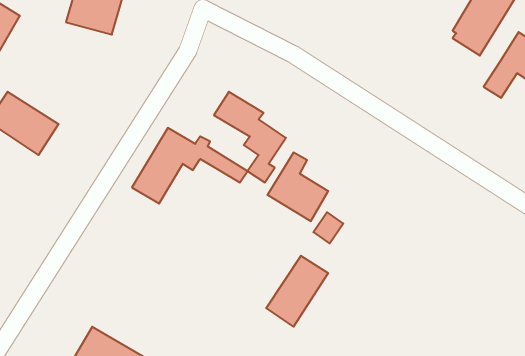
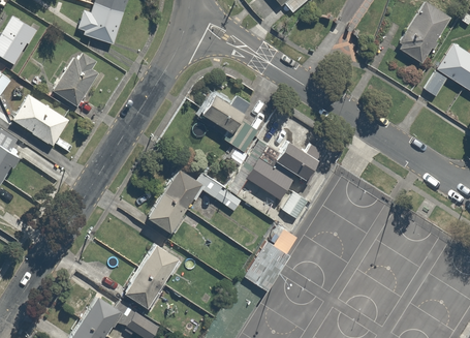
building: none -> [52,51,99,107]
building: [132,128,247,204] -> [146,165,242,228]
building: none -> [271,137,314,179]
building: none -> [123,239,177,302]

